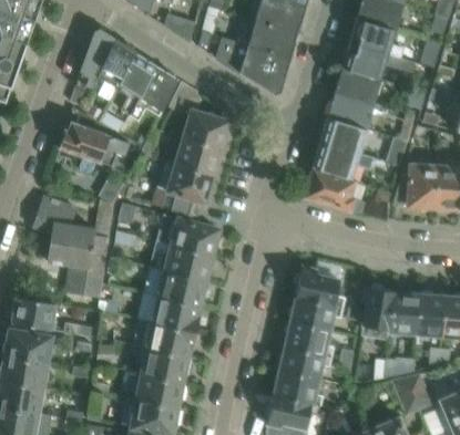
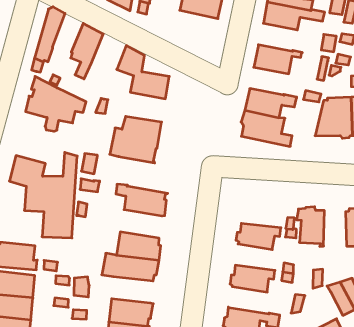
building: [96,38,134,86] -> none
building: [215,38,290,94] -> none
building: [130,65,178,120] -> none
building: [335,69,381,104] -> none
building: [320,118,367,154] -> none
building: [174,135,222,173] -> none
building: [157,213,218,256] -> none
building: [144,267,207,307] -> none
building: [296,267,345,307] -> none
building: [390,290,419,334] -> none
building: [286,321,334,355] -> none
building: [140,346,193,381] -> none
building: [275,370,323,405] -> none

